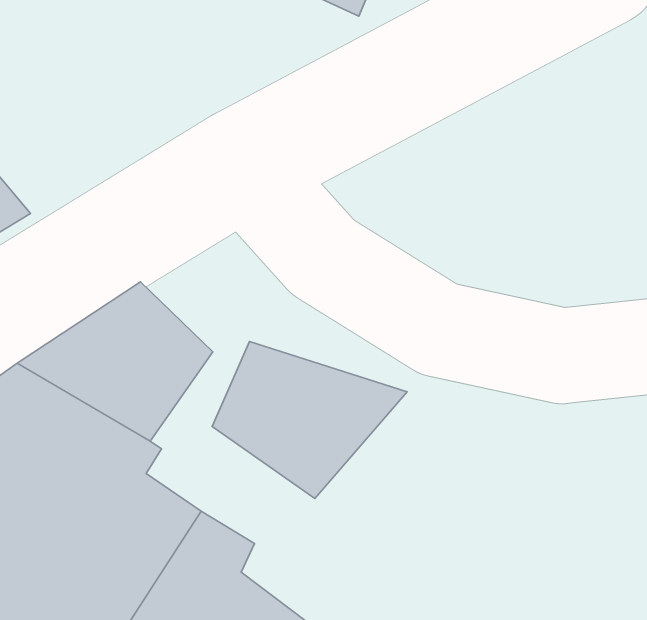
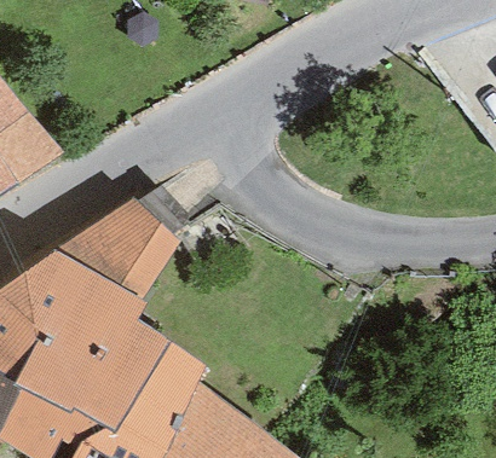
building: [212,341,407,498] -> none

